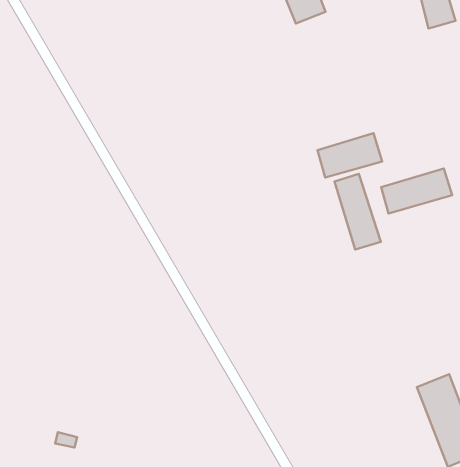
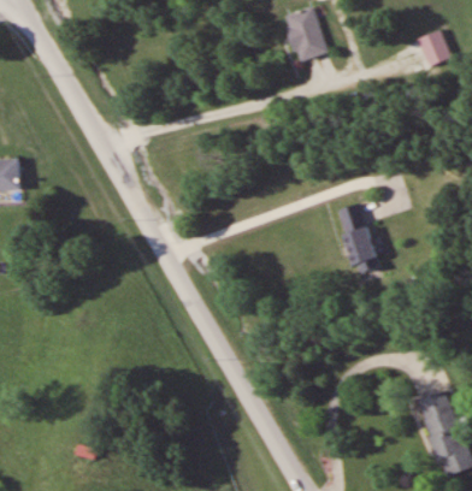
building: [317,133,382,177] -> none
building: [381,168,452,213] -> none

